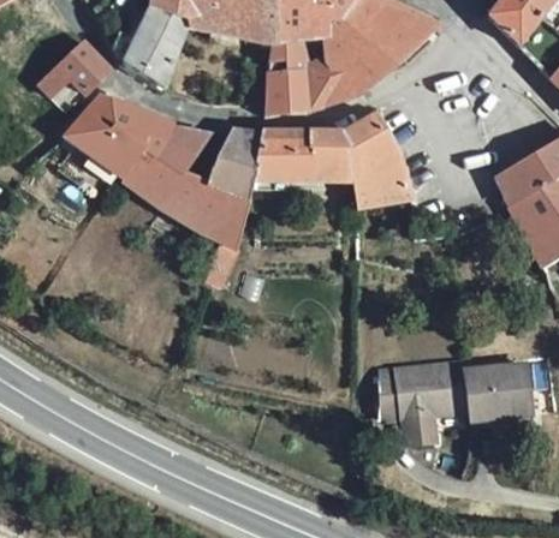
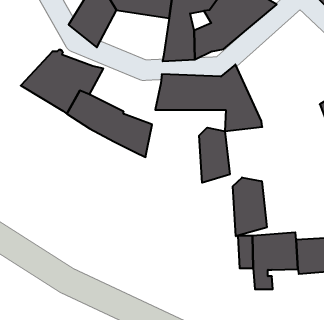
building: [36,35,109,97] -> none
building: [156,119,210,173] -> none
building: [207,133,262,202] -> none
building: none -> [199,128,230,183]
building: none -> [233,177,267,236]

